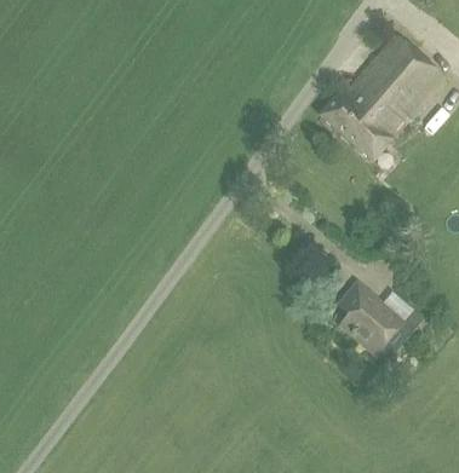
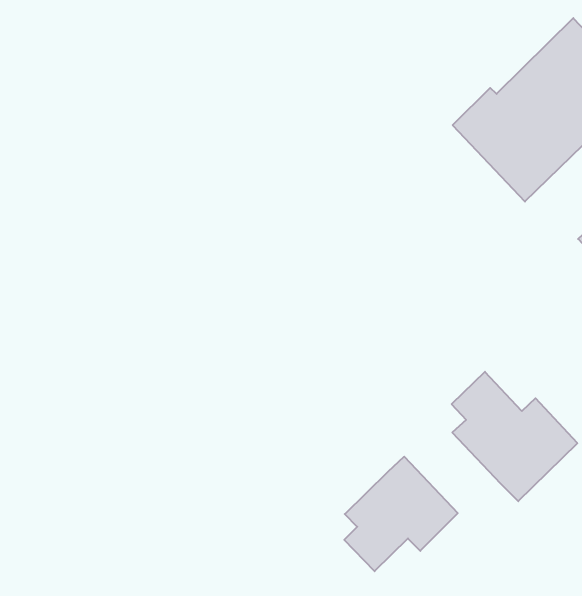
building: none -> [344,457,458,571]

